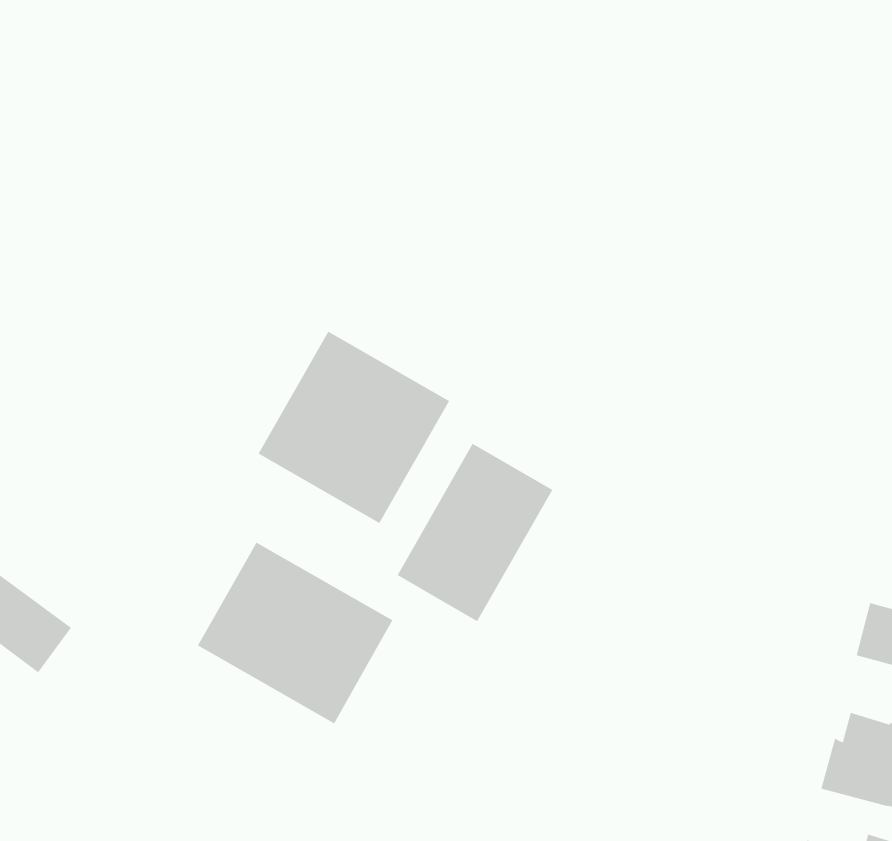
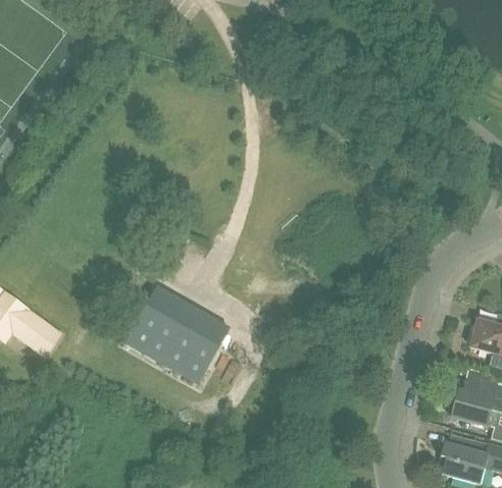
building: [258,331,450,524] -> none
building: [397,443,553,622] -> none

